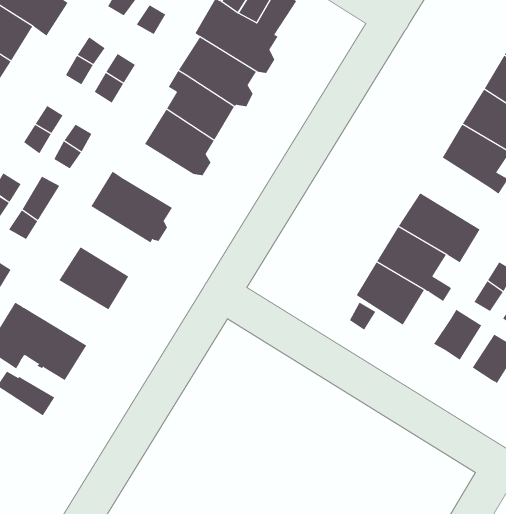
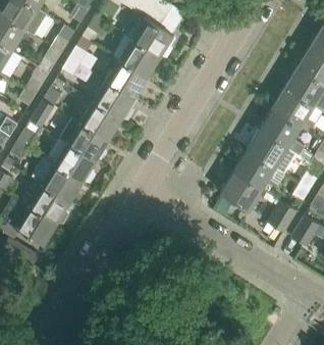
building: none -> [79,100,122,139]
building: none -> [260,108,306,154]
building: none -> [47,138,97,182]
building: none -> [19,178,71,224]

